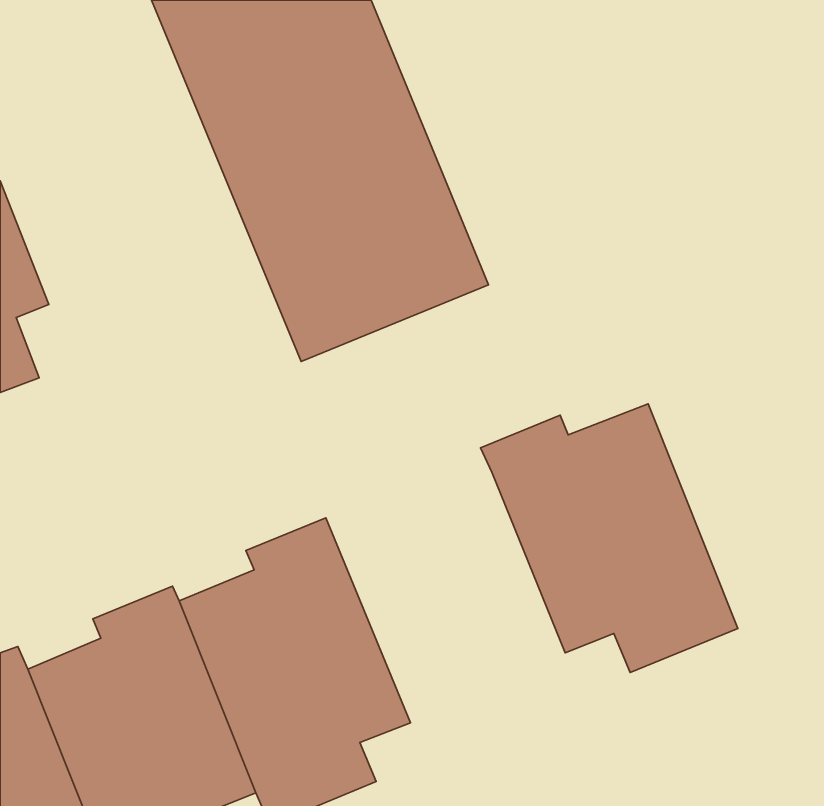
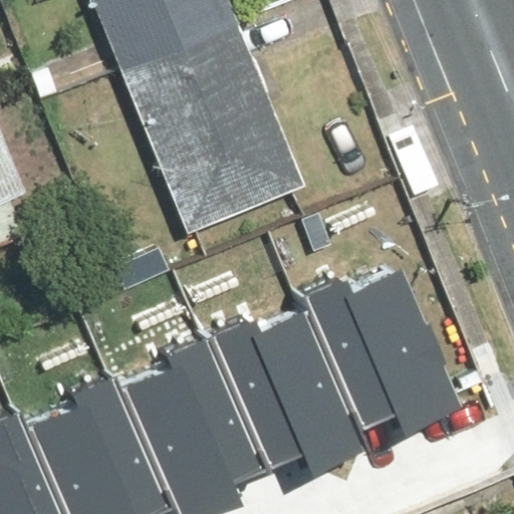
building: none -> [206,307,365,474]

